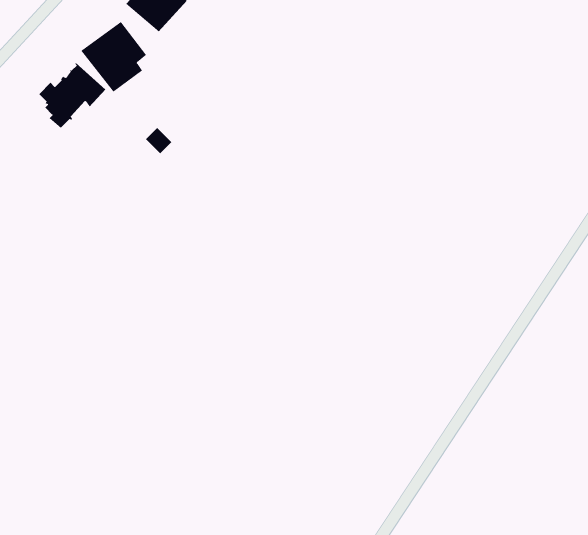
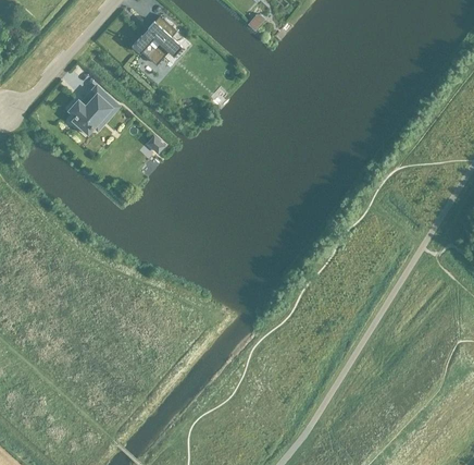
building: [81,21,147,93] -> none

